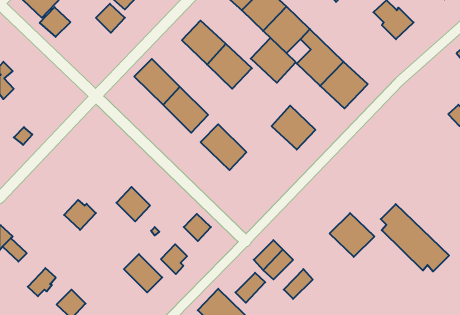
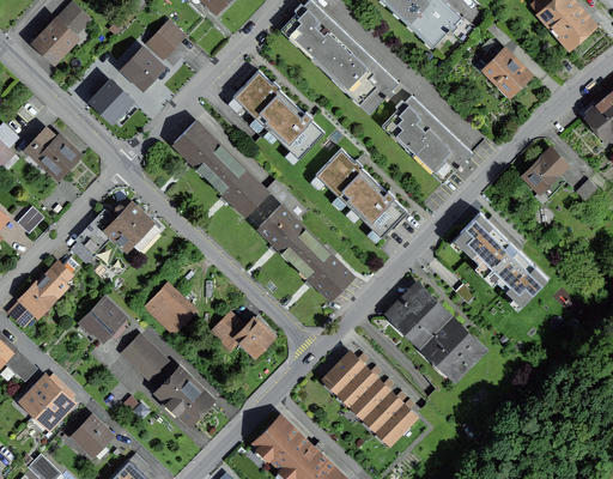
building: [40,7,70,37] -> [91,80,131,119]
building: [251,38,296,83] -> [315,148,372,206]
building: none -> [26,128,75,174]
building: none -> [524,148,565,198]
building: none -> [69,202,159,286]
building: none -> [295,240,353,298]
building: none -> [10,256,79,323]
building: none -> [392,286,449,344]
building: [381,204,449,271] -> [460,212,547,298]
building: none -> [122,335,165,377]
building: [161,244,187,274] -> [211,311,244,350]
building: none -> [23,376,59,412]
building: [235,273,265,303] -> [351,377,389,416]
building: none -> [376,402,414,441]

